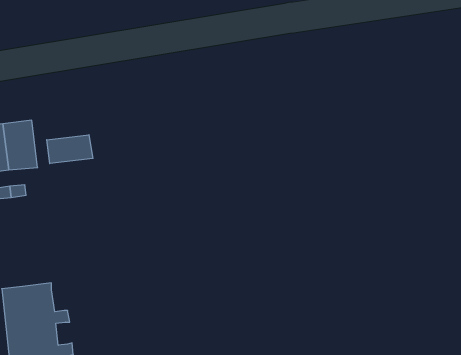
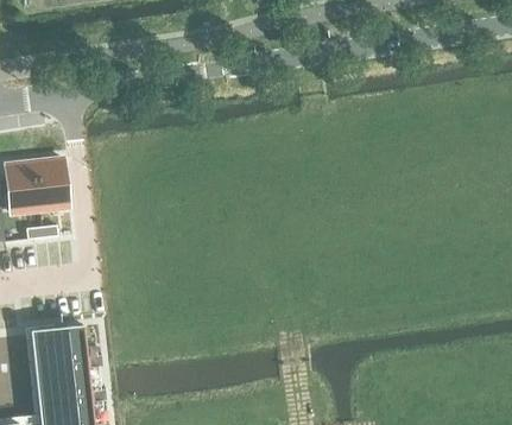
building: [47,135,93,164] -> none

